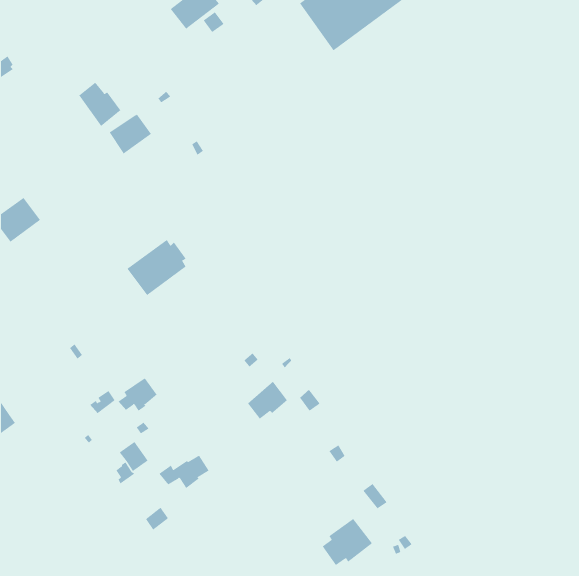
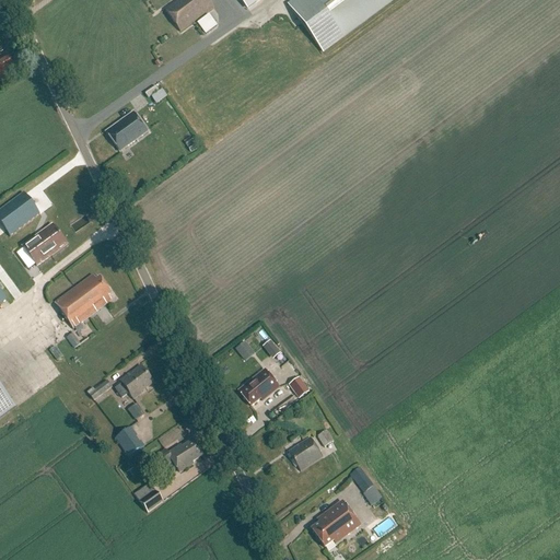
building: [79,82,121,127] -> none
building: none -> [22,222,67,265]
building: [126,239,187,296] -> [54,272,112,327]
building: none -> [288,436,323,469]

